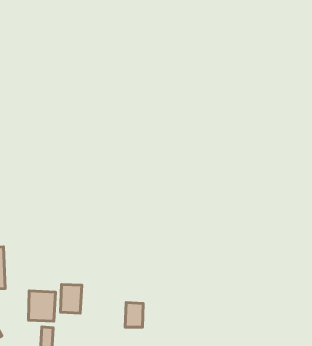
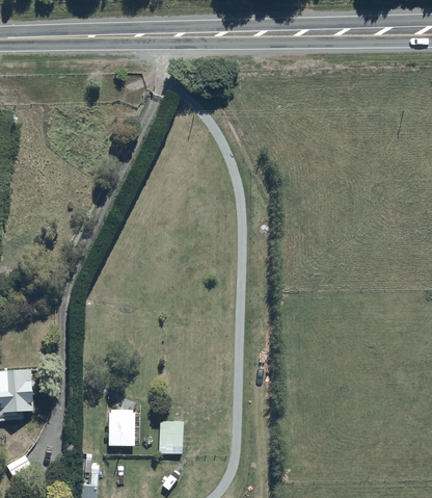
building: [29,291,55,321] -> none
building: [125,303,143,327] -> [158,423,181,454]

